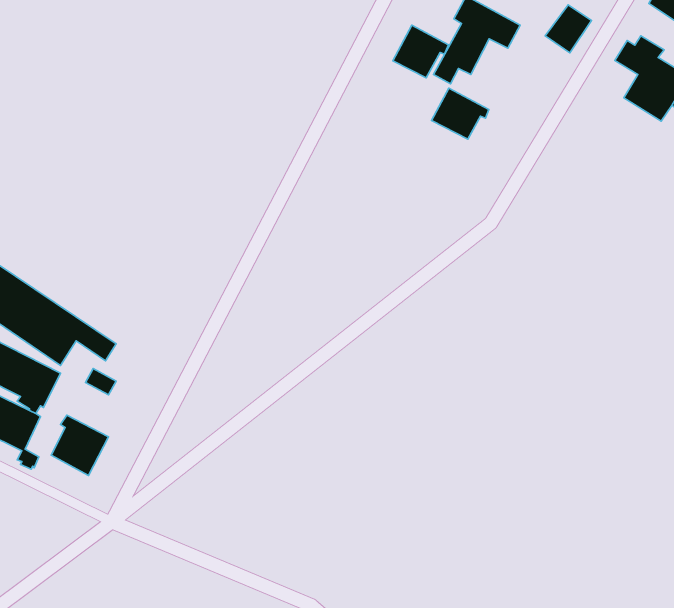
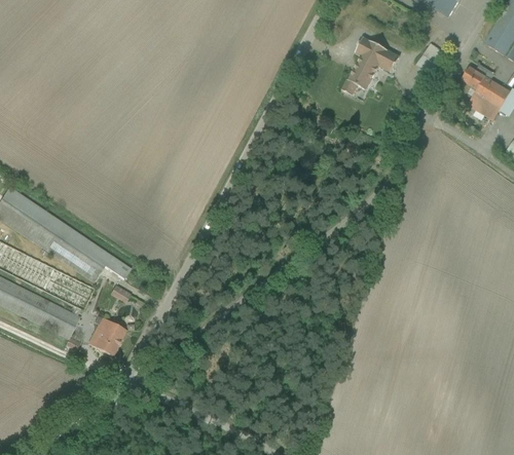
building: [393,25,449,78] -> none
building: [432,88,489,139] -> none

